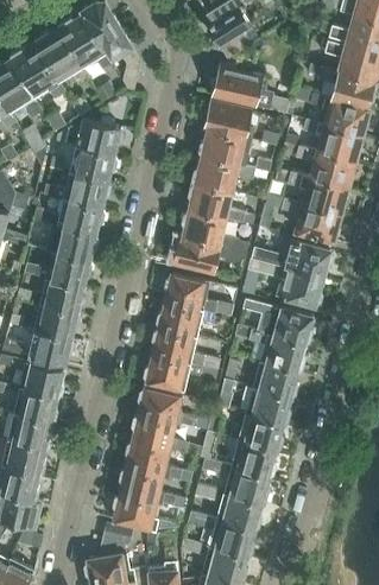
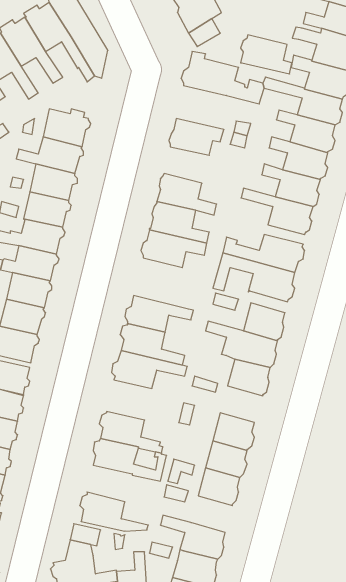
building: [206,101,255,139] -> [241,35,292,74]
building: [194,155,255,191] -> none
building: [165,273,234,317] -> none
building: [138,386,195,426] -> none
building: [249,388,291,424] -> none
building: [119,465,176,505] -> none
building: [221,495,261,530] -> none

